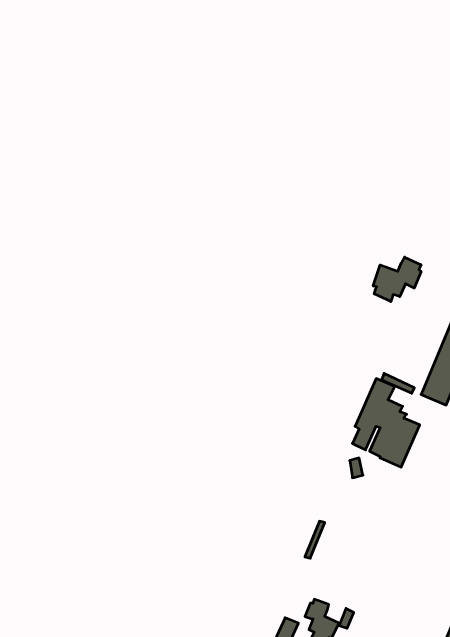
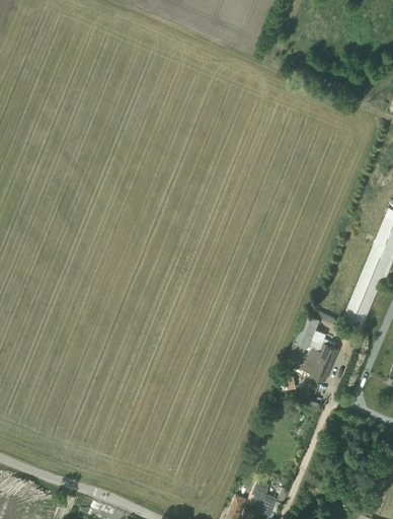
building: [373,257,421,302] -> none

